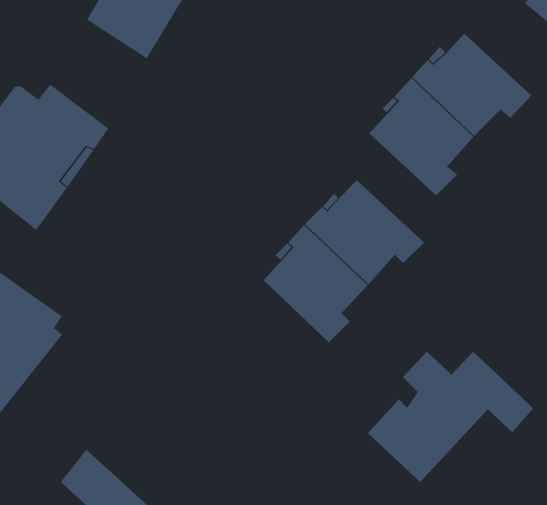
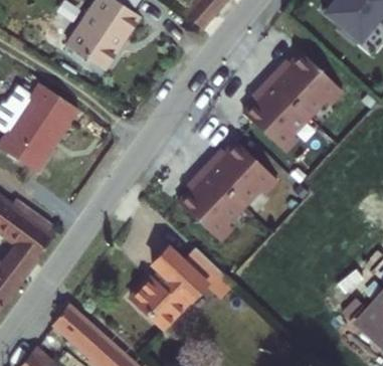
building: [367,351,534,483] -> [131,244,232,325]

